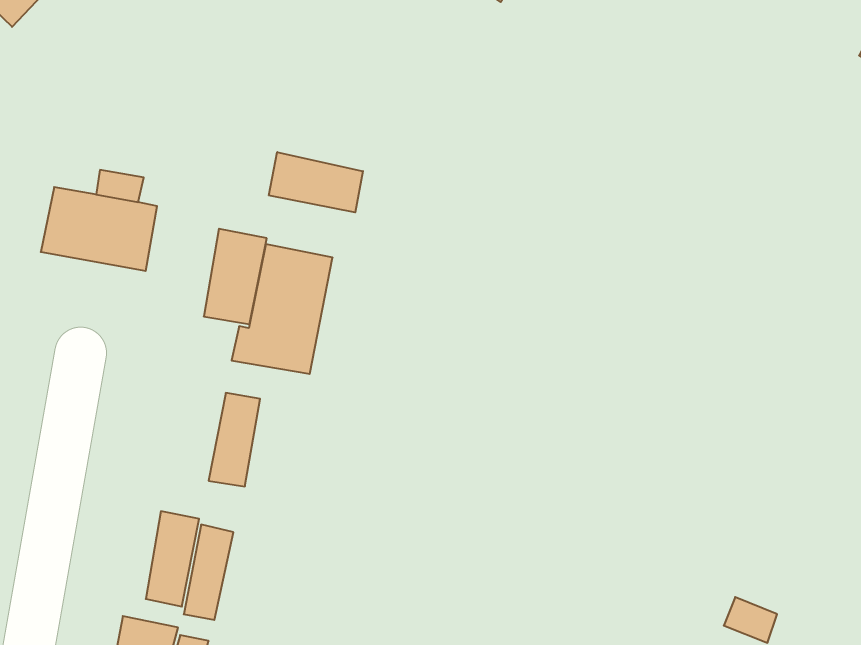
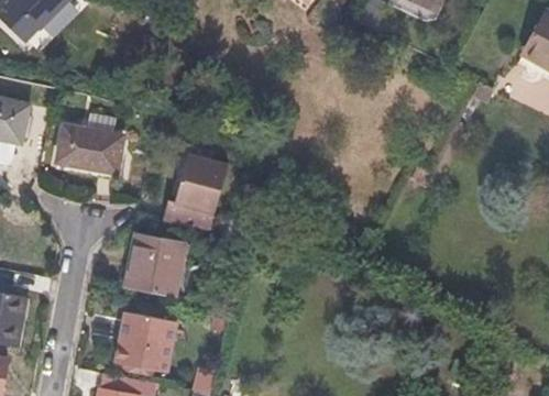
building: [269,152,363,212] -> none
building: [204,229,267,324] -> [125,234,162,289]

